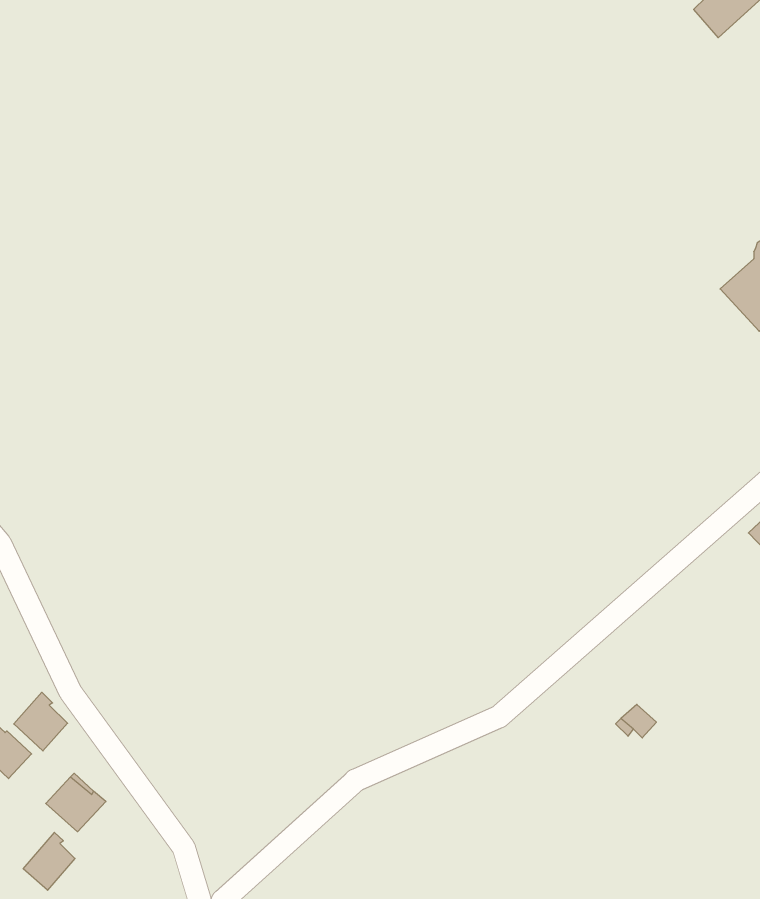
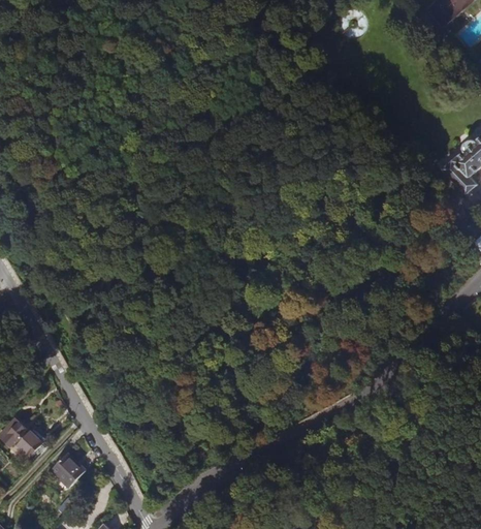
building: [14,692,68,751] -> none
building: [23,832,75,890] -> none

